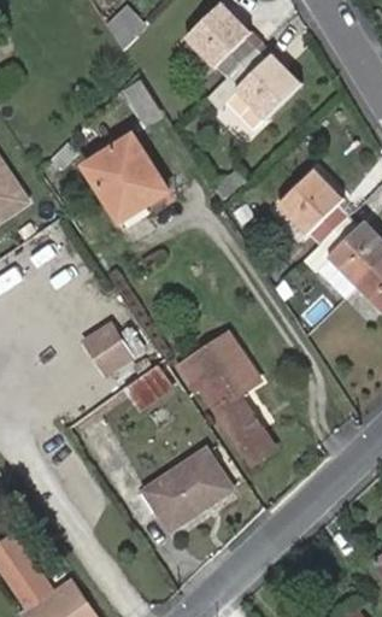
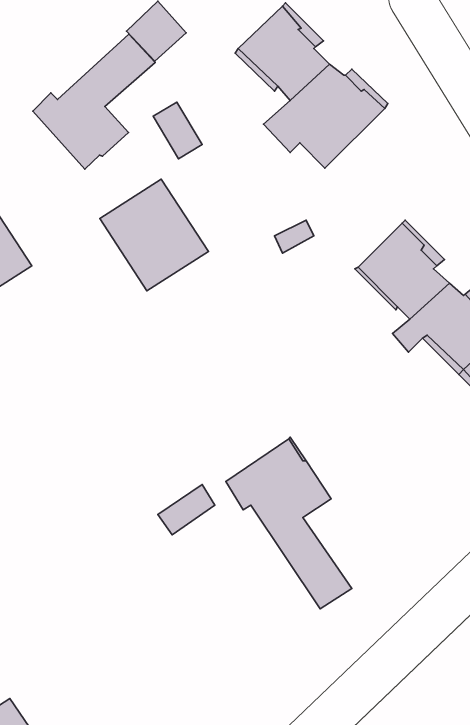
building: none -> [33,34,155,169]
building: [78,318,136,376] -> none
building: [143,451,229,528] -> none

